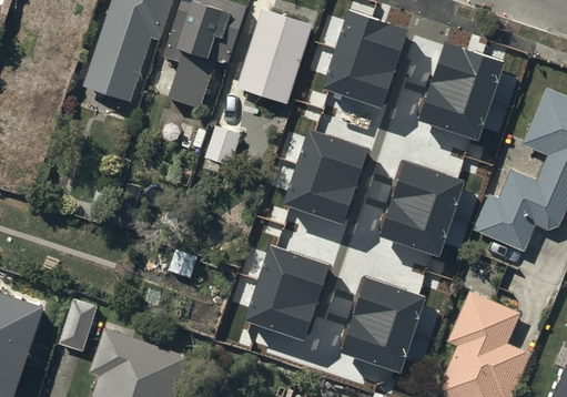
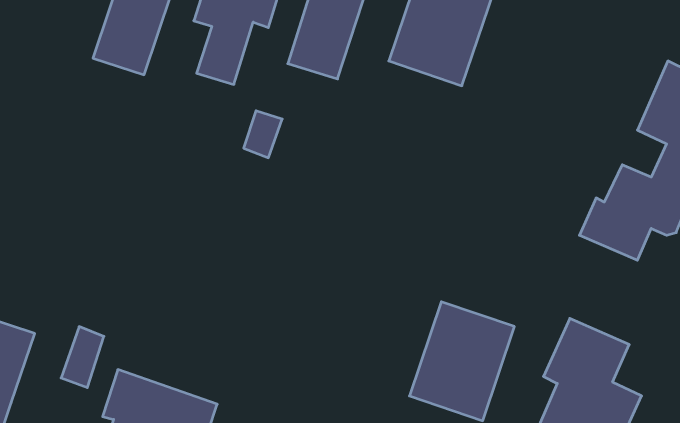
building: [419,43,504,139] -> none
building: [285,131,369,226] -> none
building: [381,162,465,257] -> none
building: [245,247,330,343] -> none

